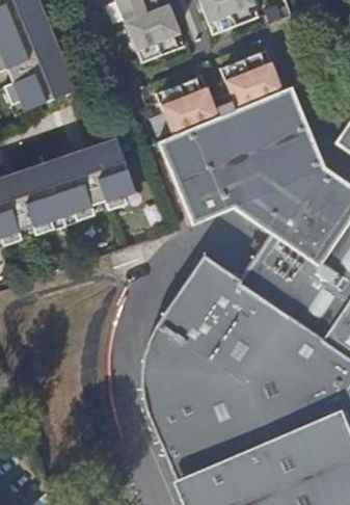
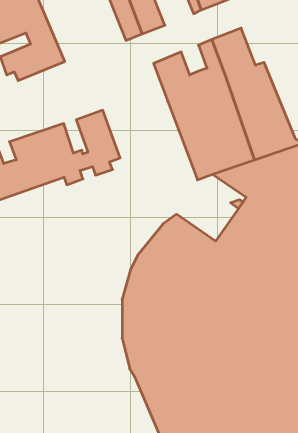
building: [158,90,221,228] -> none

